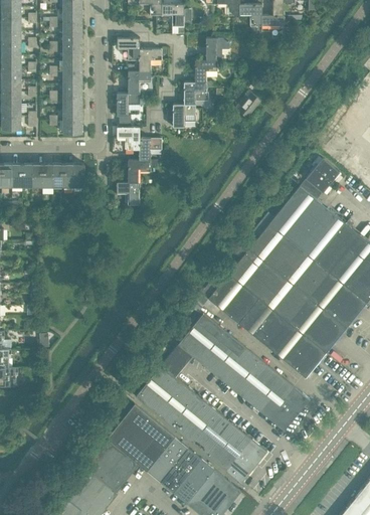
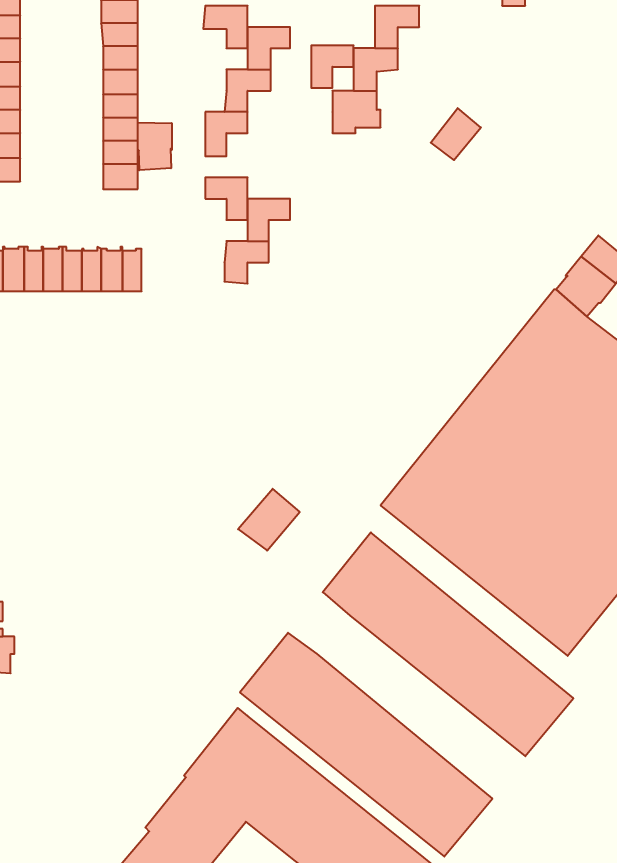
building: none -> [138,122,172,170]
building: [173,105,195,127] -> [311,45,354,88]
building: [115,182,139,207] -> none
building: [160,344,192,376] -> [238,489,300,551]

